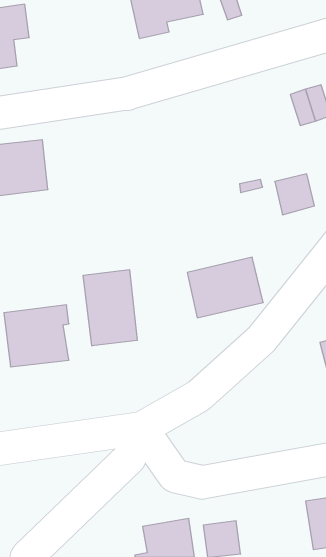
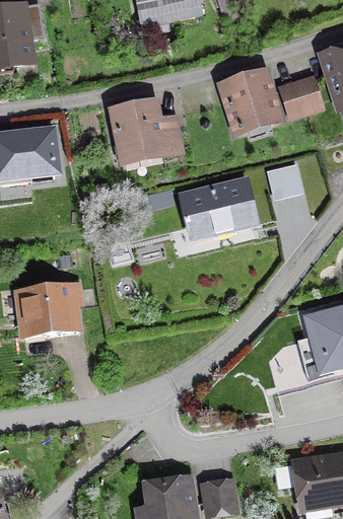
building: none -> [221,72,277,131]
building: none -> [111,100,180,154]
building: [187,257,263,318] -> [183,181,253,237]
building: [83,270,137,346] -> none

